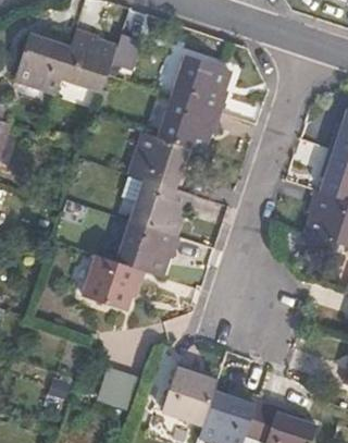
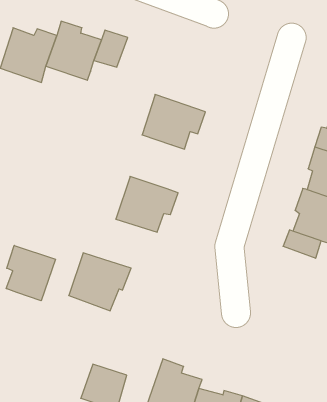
building: [170,57,225,115] -> none
building: [132,134,187,192] -> none
building: [119,222,178,275] -> none
building: none -> [6,245,56,301]

